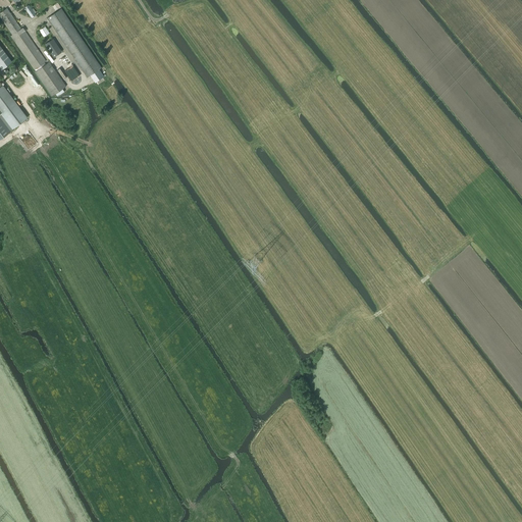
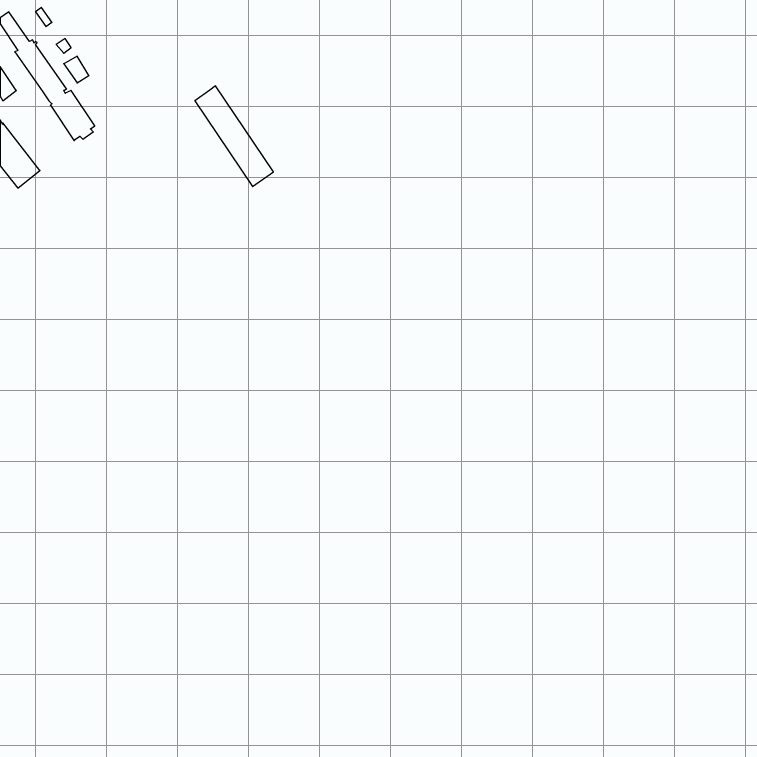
building: [47,8,101,77] -> [195,86,273,187]

